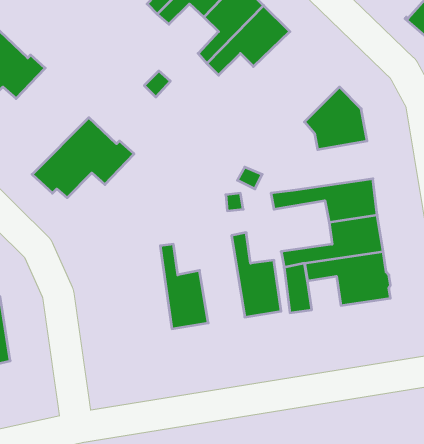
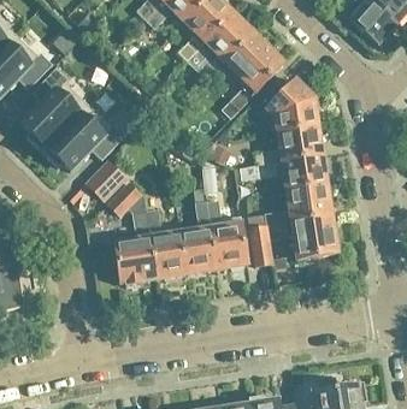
building: none -> [223,32,285,117]
building: none -> [23,66,89,150]
building: none -> [255,123,324,164]
building: none -> [87,160,125,198]
building: none -> [108,182,158,285]
building: none -> [181,201,218,273]

